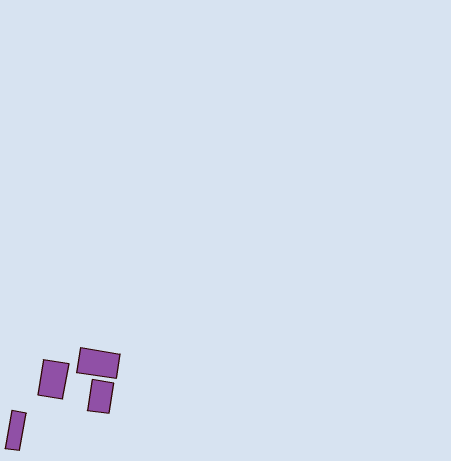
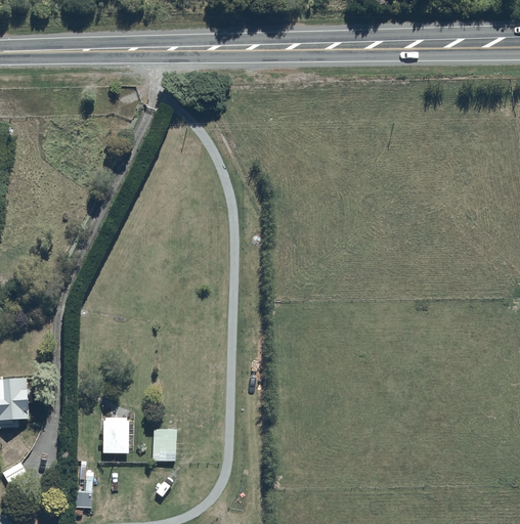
building: [77,348,120,378] -> none

